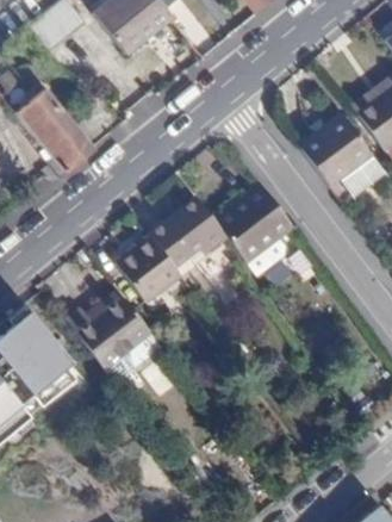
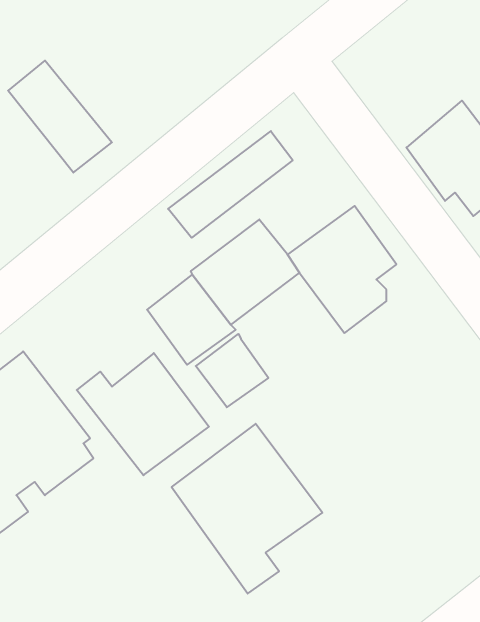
building: none -> [168,131,293,238]
building: none -> [196,334,268,407]
building: none -> [172,424,322,594]

